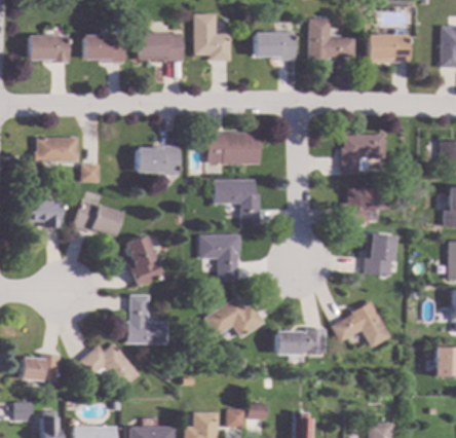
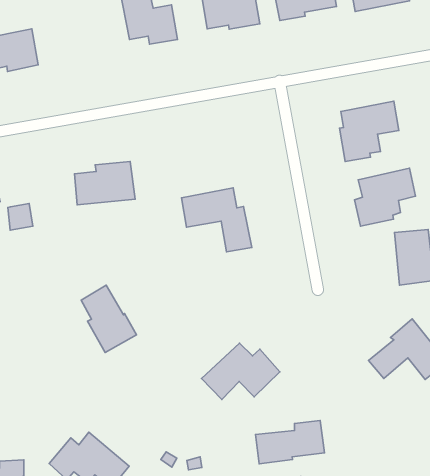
building: [138,32,182,61] -> none
building: [206,133,260,165] -> none
building: [74,200,121,235] -> none
building: [199,234,240,281] -> none
building: [127,294,169,344] -> none
building: [275,328,327,355] -> [255,421,324,464]

